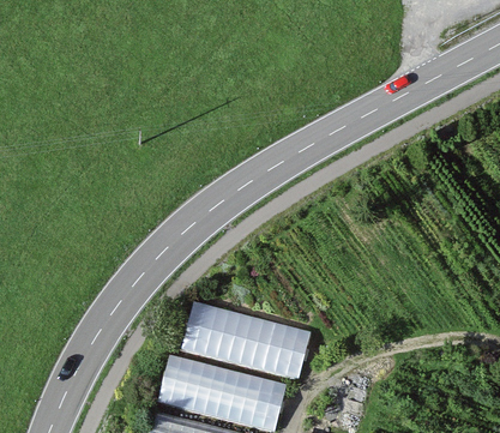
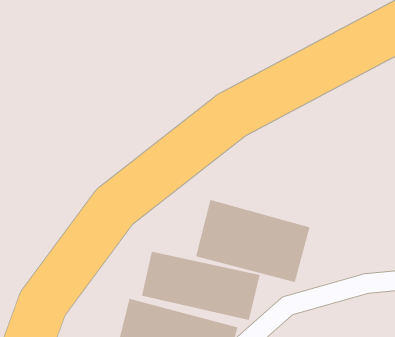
building: none -> [196,199,310,283]

